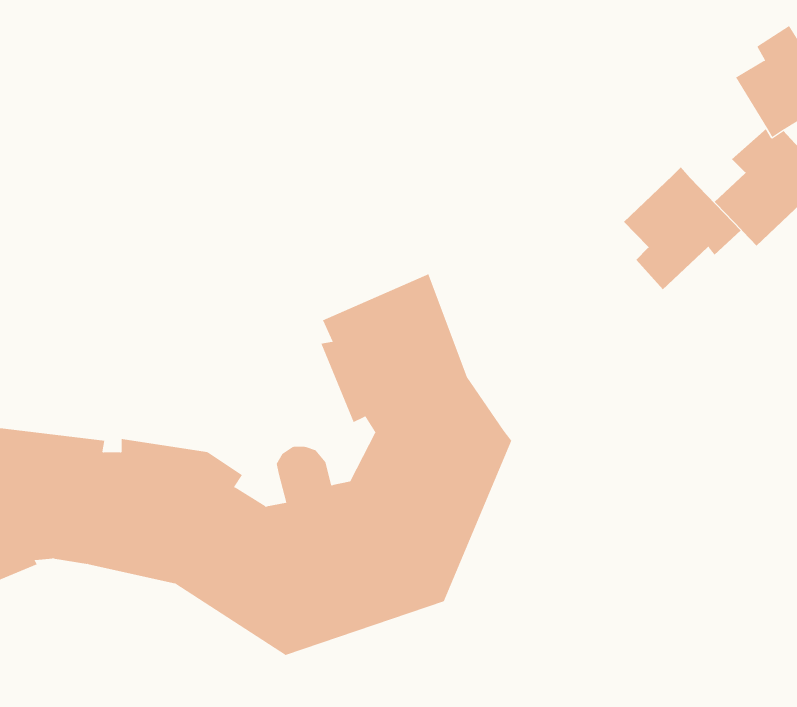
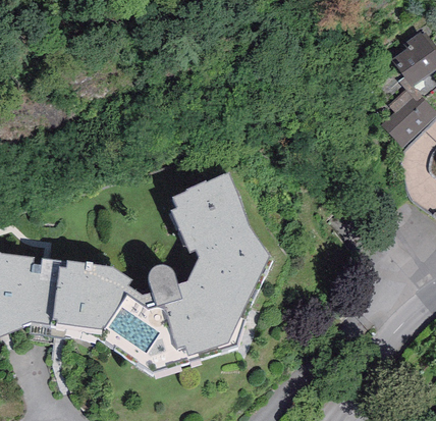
building: [623,167,741,290] -> none

